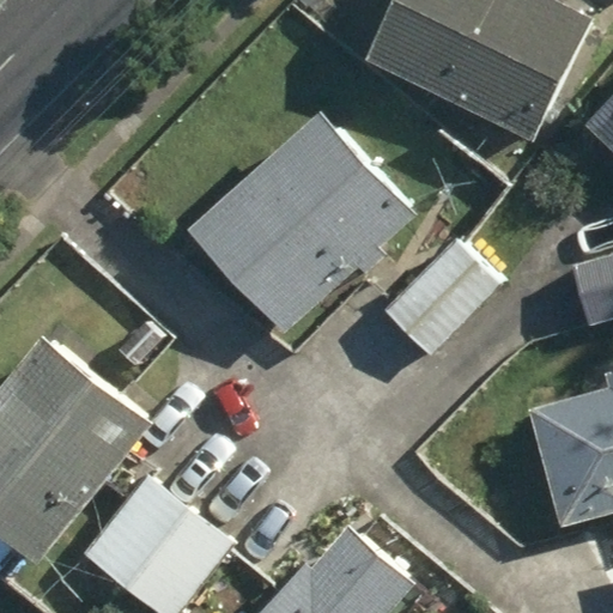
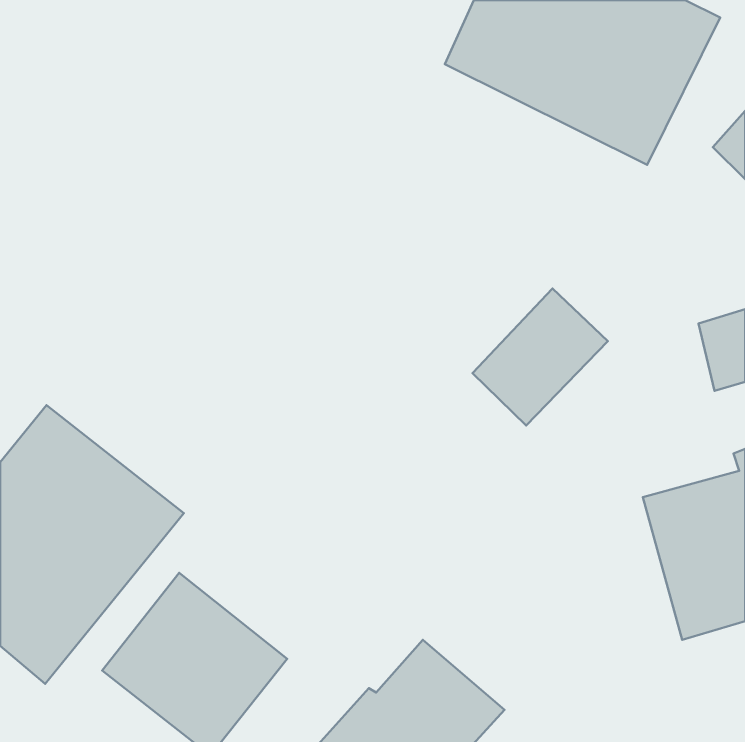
building: [189,111,414,332] -> none

